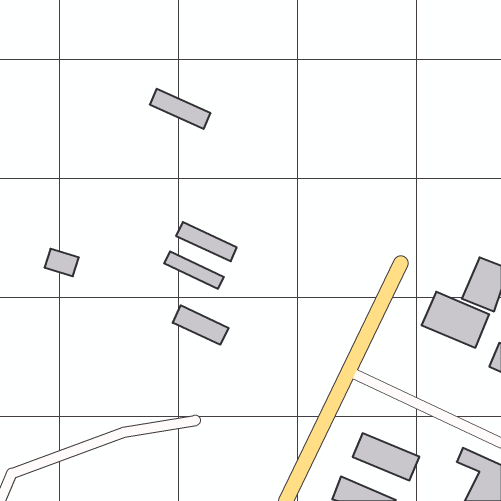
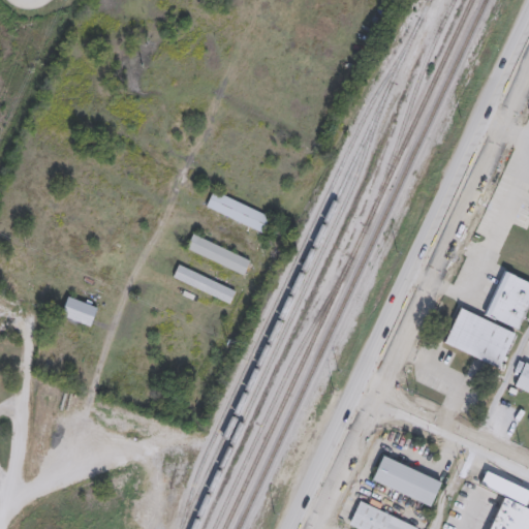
building: [150,89,211,129] -> [207,190,271,232]
building: [44,249,79,276] -> [61,297,97,325]
building: [173,305,229,345] -> none

